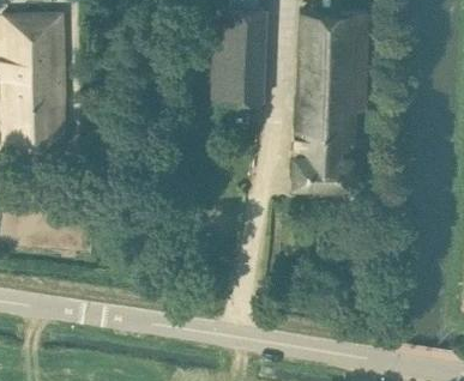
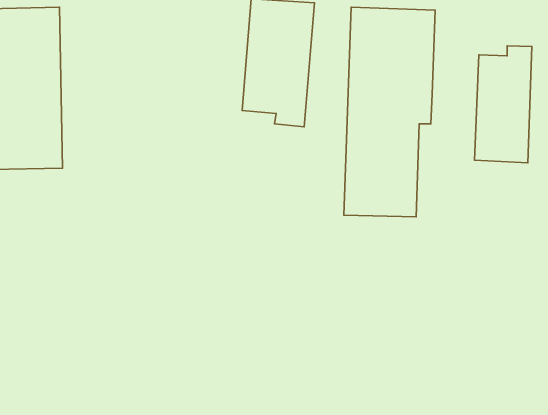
building: none -> [475,46,532,163]

